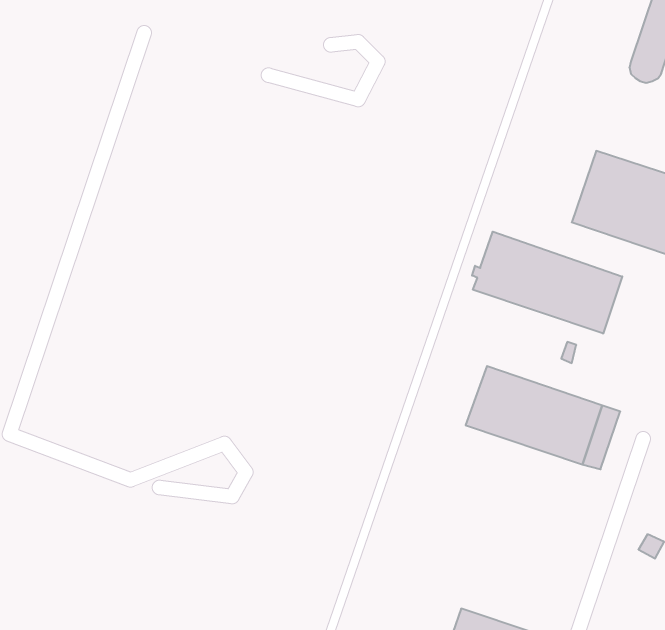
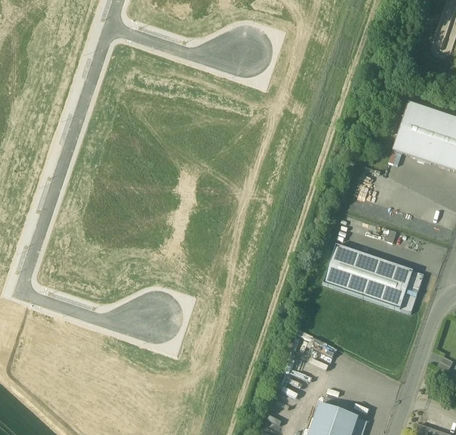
building: [472,232,622,334] -> none

